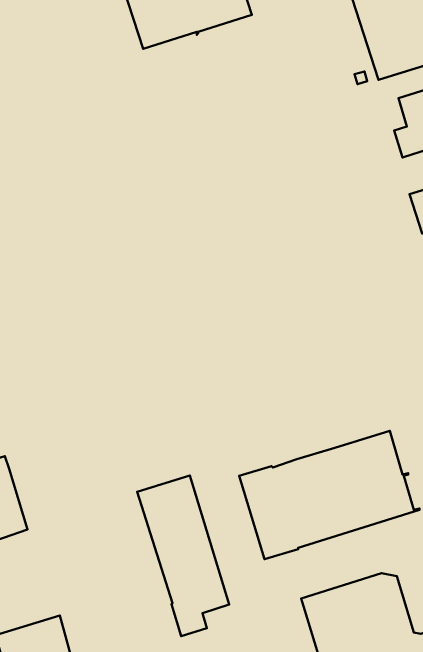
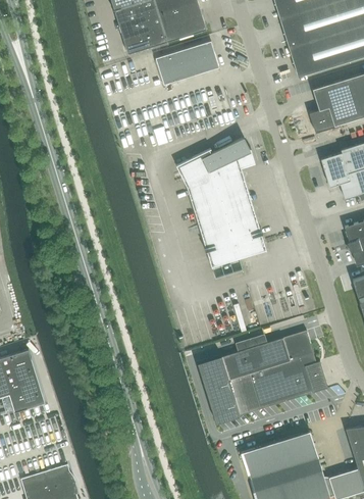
building: none -> [156,42,219,85]
building: none -> [176,139,267,268]
building: [137,475,229,636] -> none

